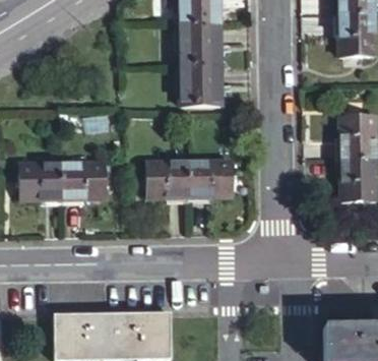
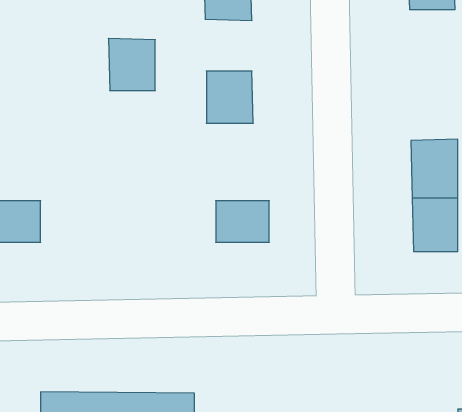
building: [337,22,372,62] -> none
building: [182,29,217,69] -> [108,38,155,91]
building: [57,168,98,200] -> none
building: [148,168,190,199] -> none

